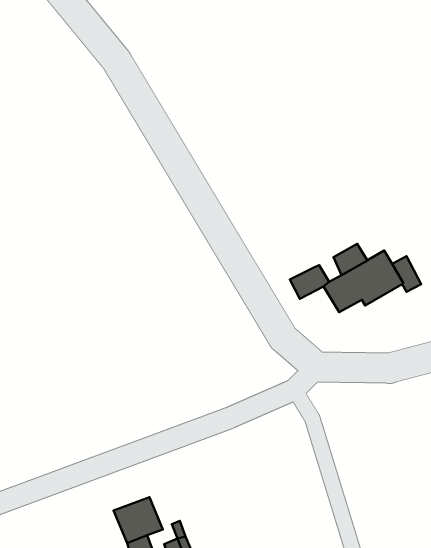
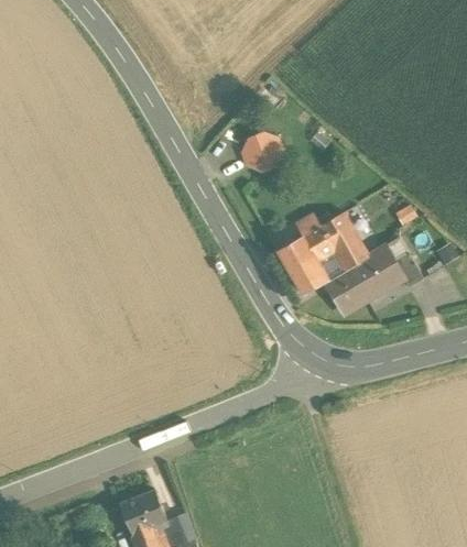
building: none -> [240,131,282,173]
building: none -> [321,214,358,254]
building: none -> [276,230,323,276]

